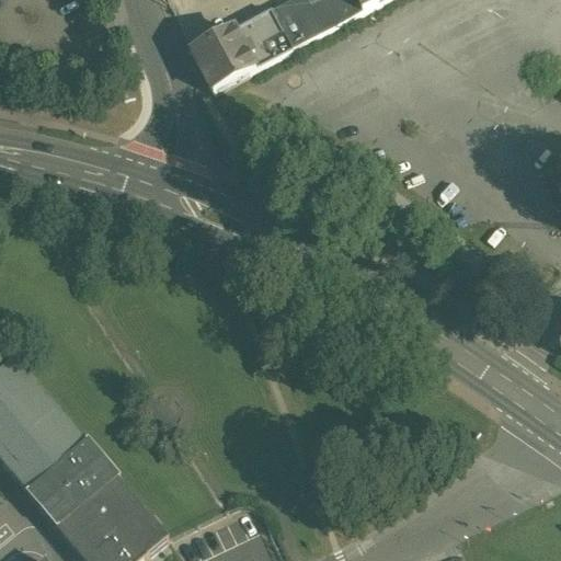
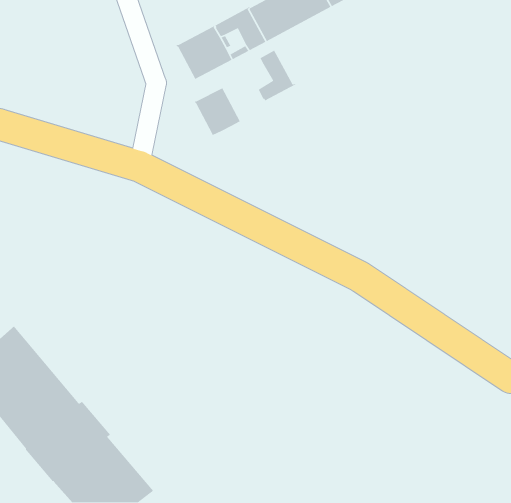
building: none -> [258,49,296,102]
building: none -> [194,87,241,137]

